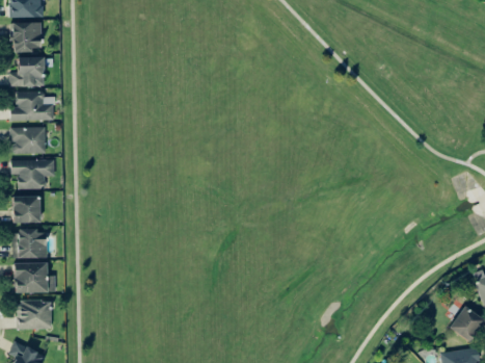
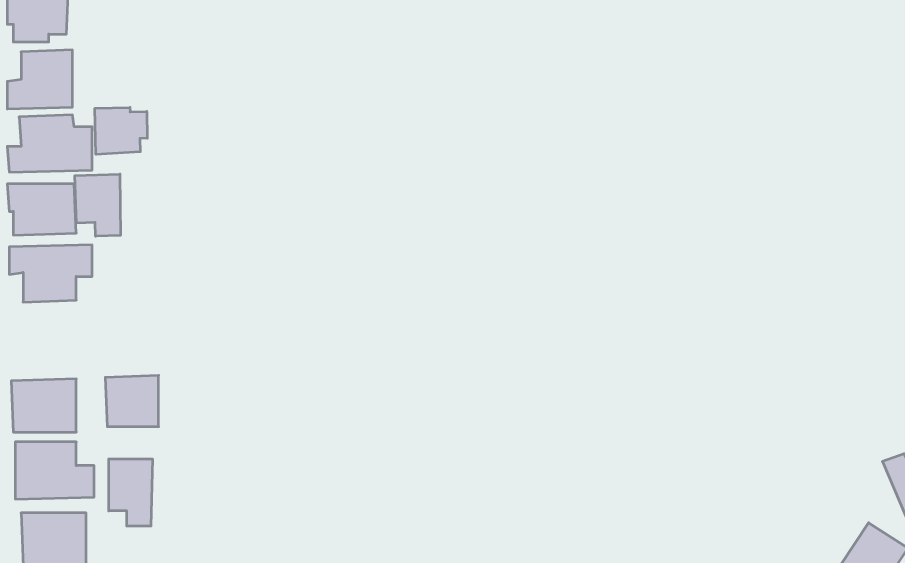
building: none -> [95,107,147,154]
building: none -> [75,174,120,236]
building: [12,196,41,223] -> [105,375,159,427]
building: none -> [109,459,152,526]

